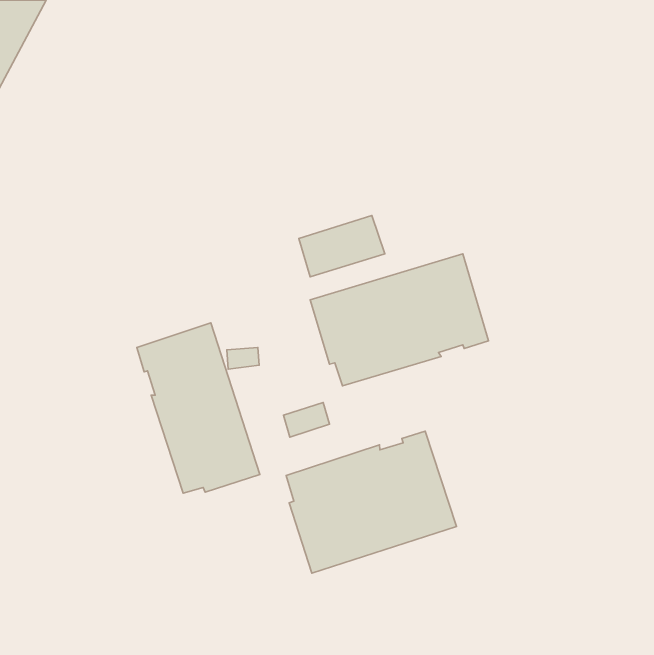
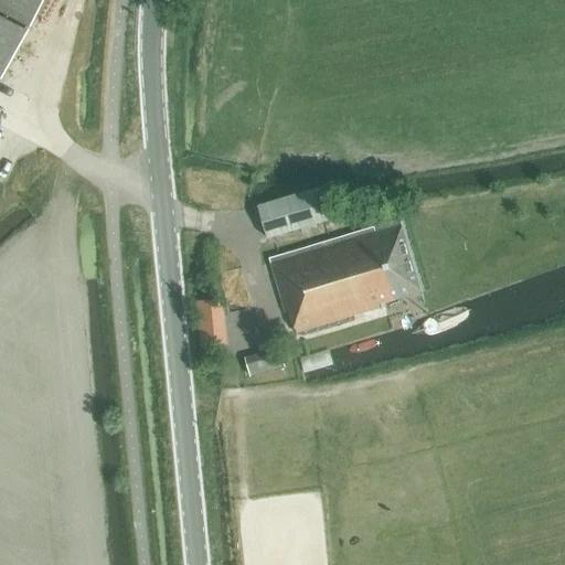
building: [137,323,260,493] -> none
building: [286,431,457,573] -> none

